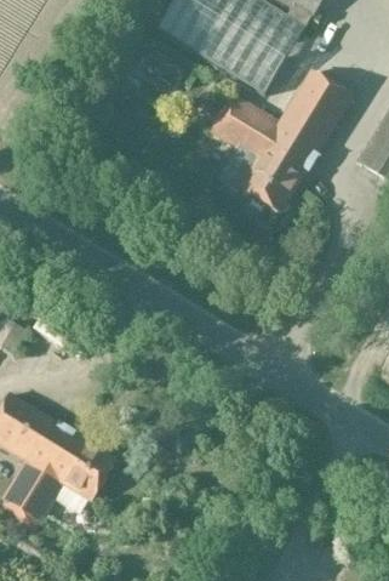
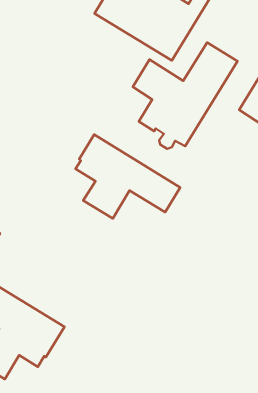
building: none -> [75,135,180,219]

